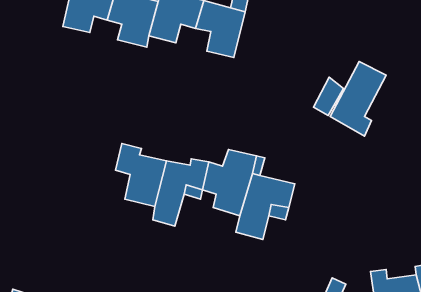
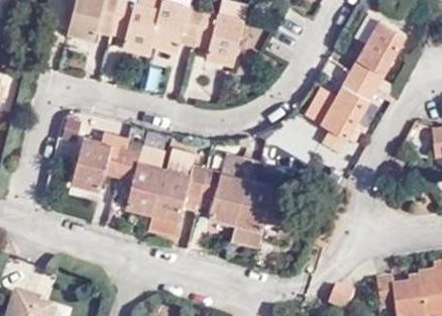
building: none -> [355,19,408,92]
building: none -> [75,138,124,186]

